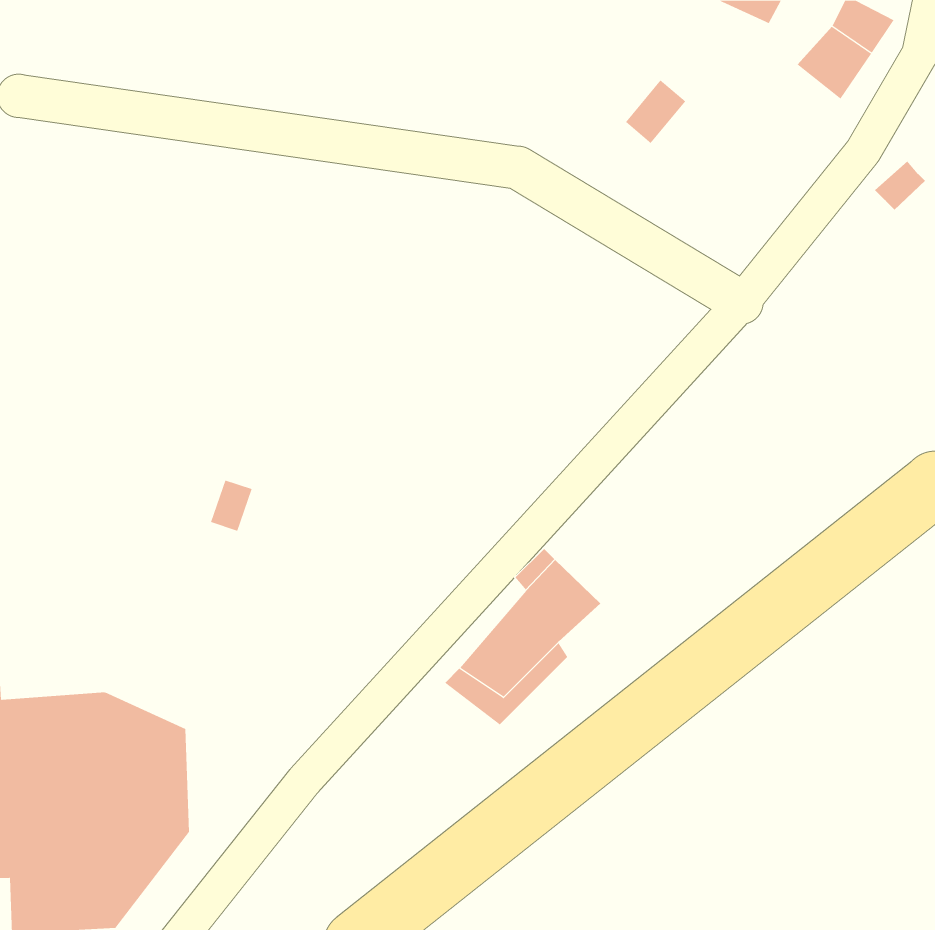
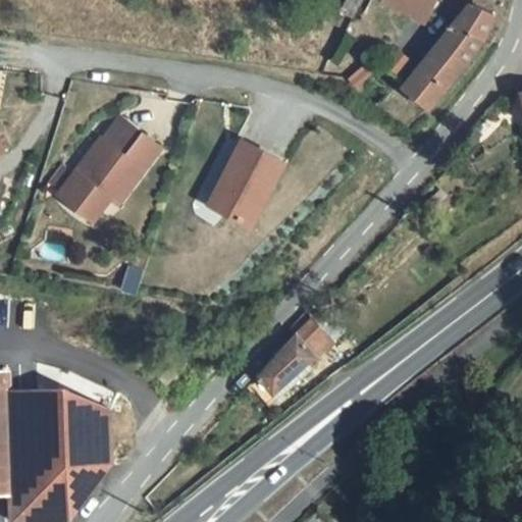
building: none -> [403,43,465,103]
building: none -> [49,116,161,218]
building: none -> [211,142,282,226]

